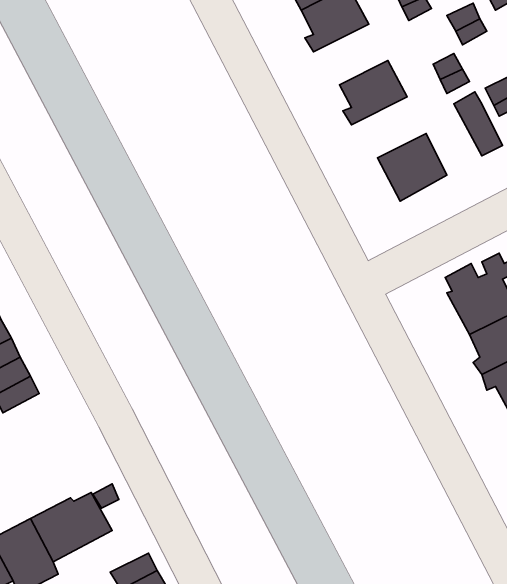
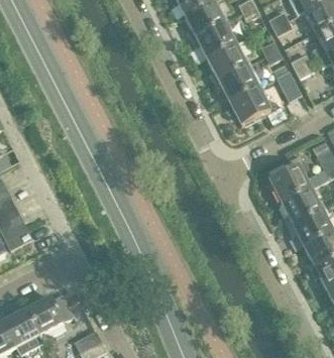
building: none -> [192,22,235,57]
building: none -> [214,65,257,100]

